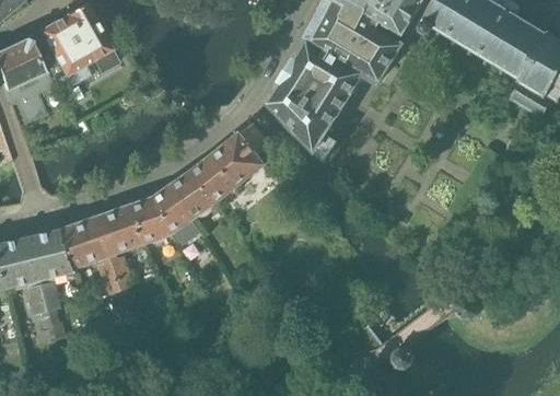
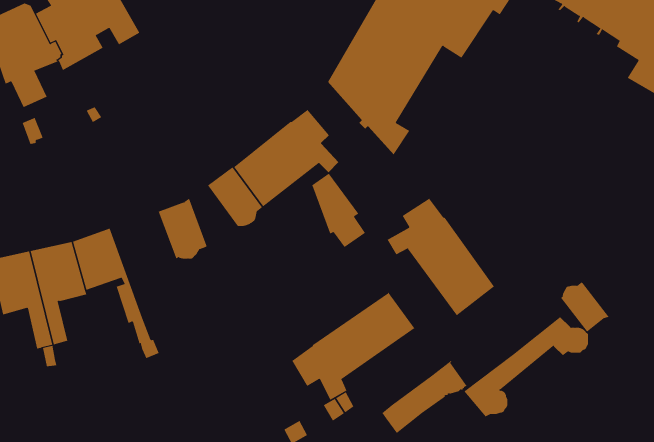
building: [159,184,202,244] -> [311,173,366,248]
building: none -> [387,198,495,316]
building: [95,205,148,307] -> none
building: none -> [560,282,609,332]
building: none -> [291,292,415,401]

